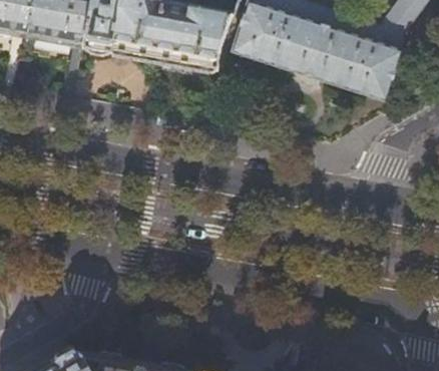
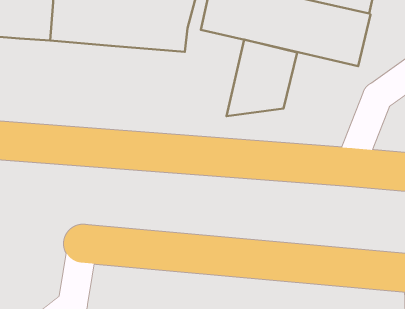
building: none -> [226,40,297,116]

